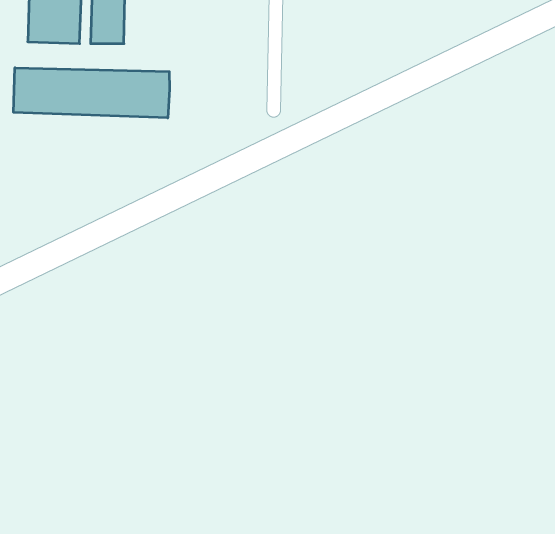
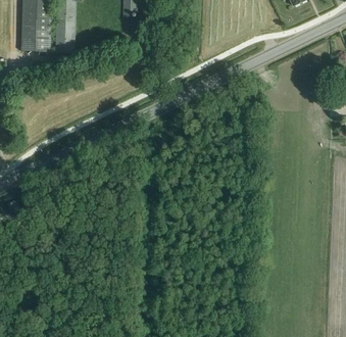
building: [14,68,170,118] -> none

